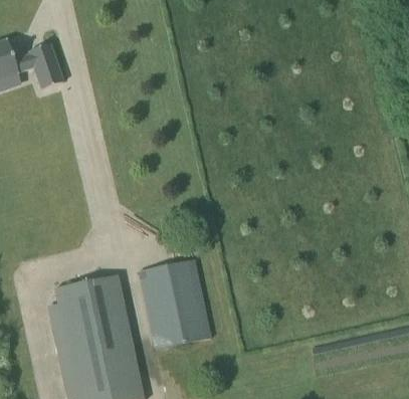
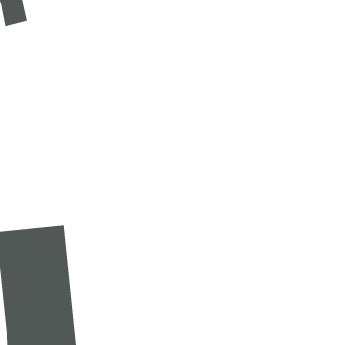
building: [138,257,211,348] -> none

